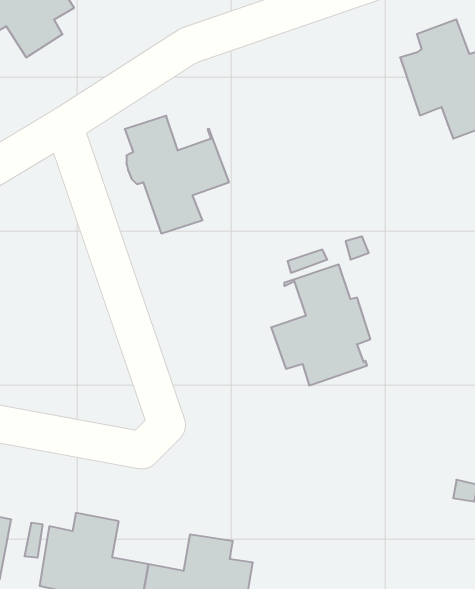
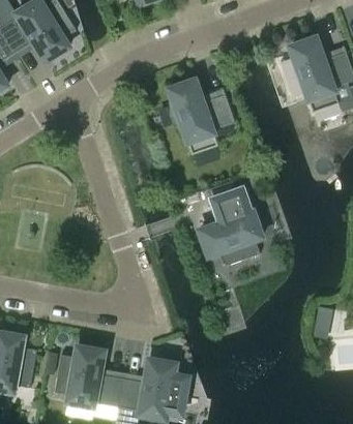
building: [125,116,229,233] -> [169,79,234,152]

